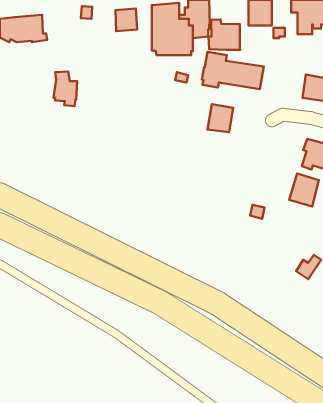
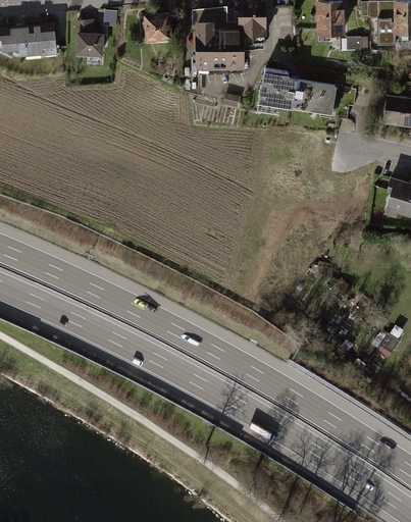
building: [208,19,240,50] -> none
building: [54,71,77,106] -> [74,19,104,63]
building: [208,104,233,132] -> none
building: [289,174,319,206] -> none

